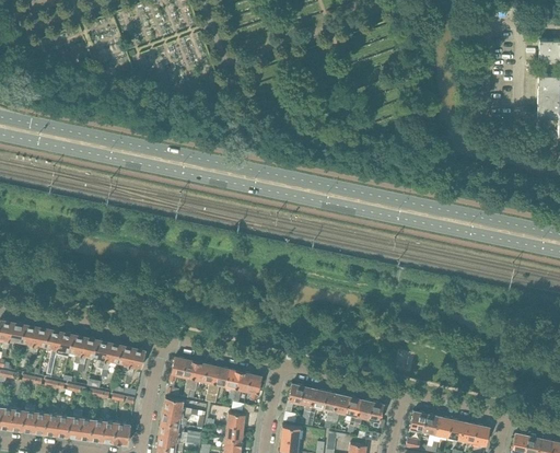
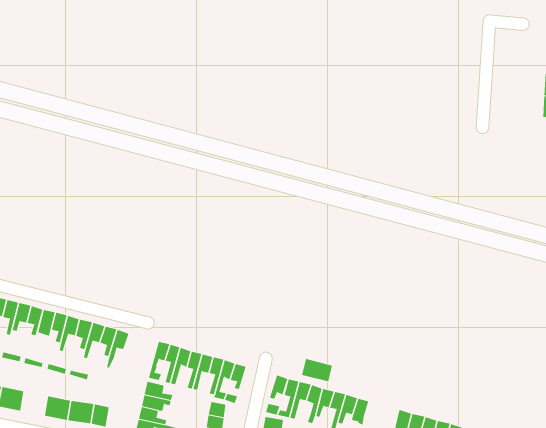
building: none -> [302,358,333,382]
building: [44,414,69,437] -> none

